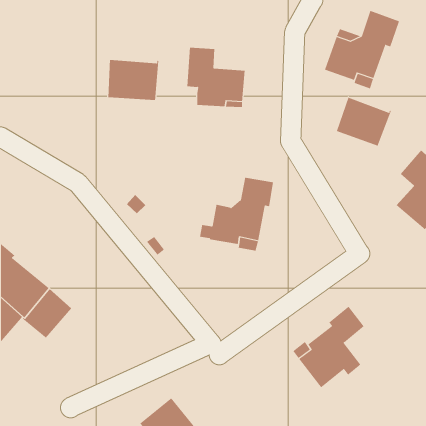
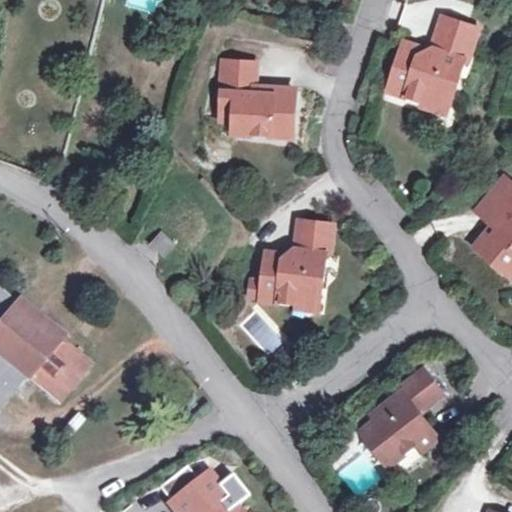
building: [108,59,159,101] -> none
building: [336,97,391,147] -> none

